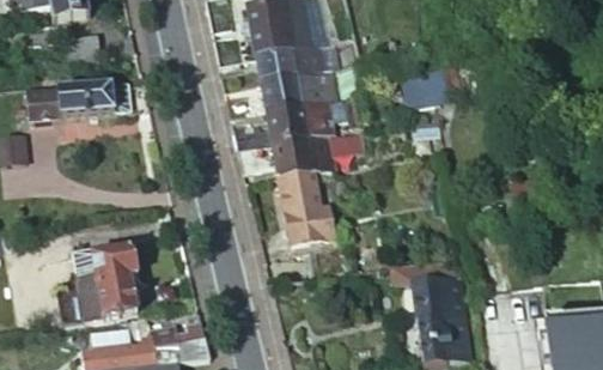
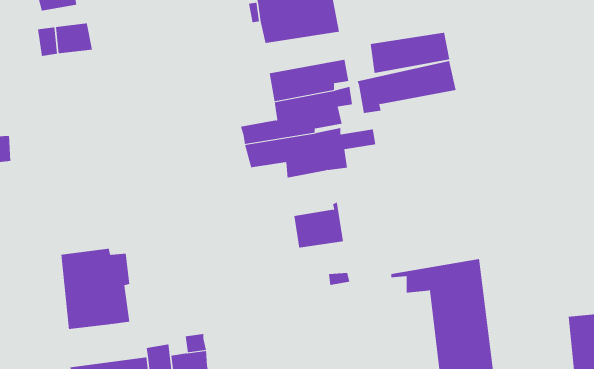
building: [260,44,334,83] -> [370,32,450,74]
building: [23,83,132,126] -> none
building: [280,172,335,214] -> none

